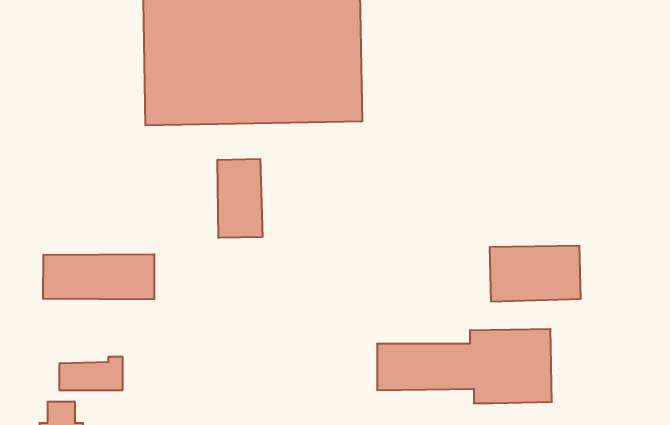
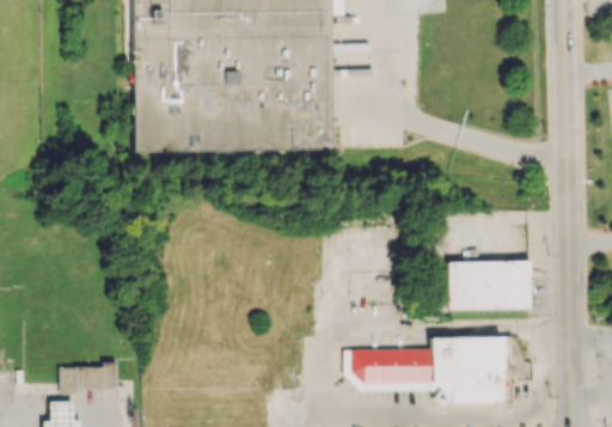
building: [217,159,262,238] -> none
building: [43,254,154,299] -> none

